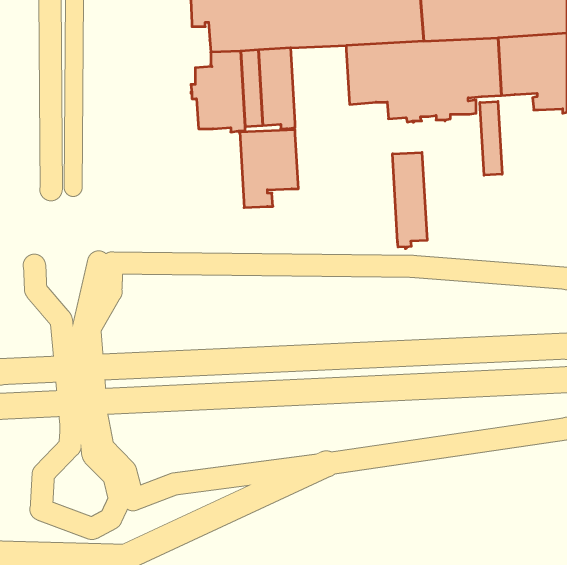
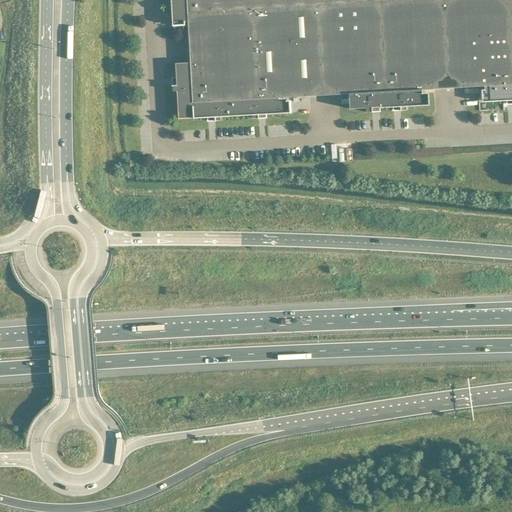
building: [480,101,502,175] -> none
building: [240,130,298,208] -> [262,41,315,111]
building: [393,152,427,249] -> none

